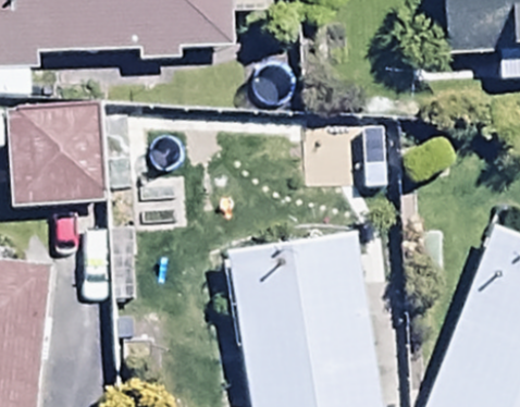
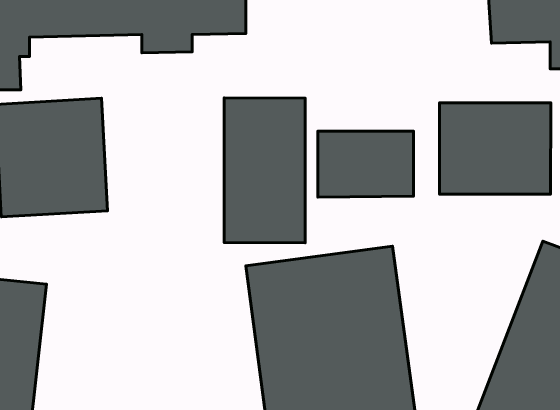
building: none -> [224,98,305,243]
building: none -> [439,103,551,194]

